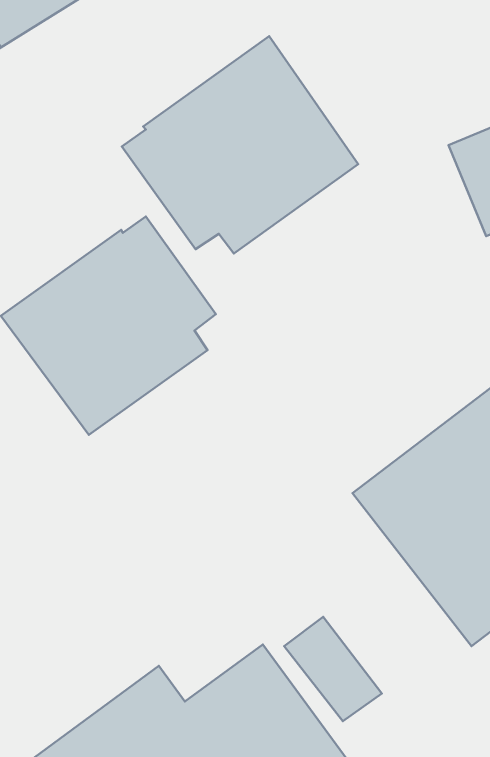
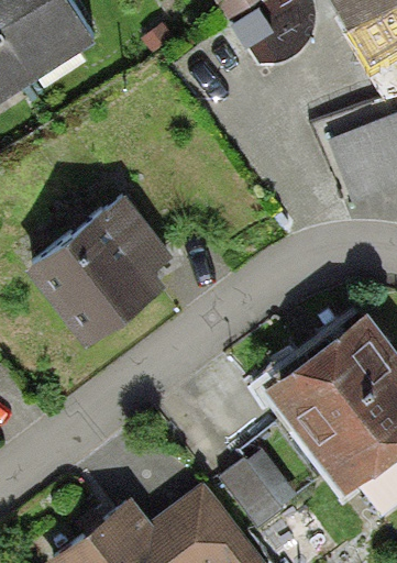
building: [122,36,358,253] -> none

